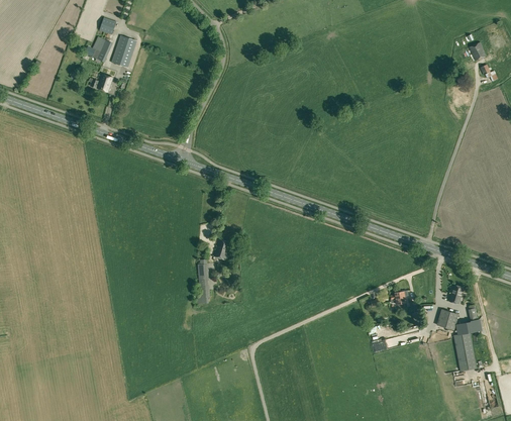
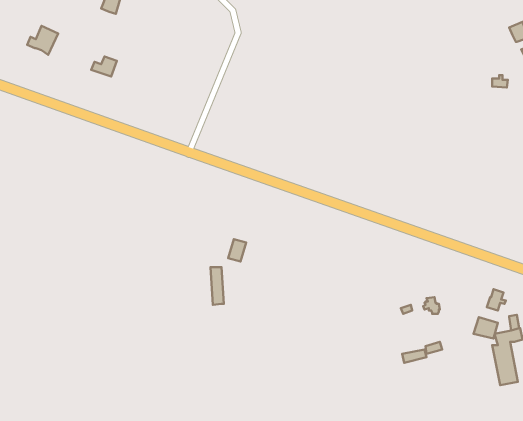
building: [112,35,137,68] -> none
building: [85,36,113,63] -> [27,26,58,55]

